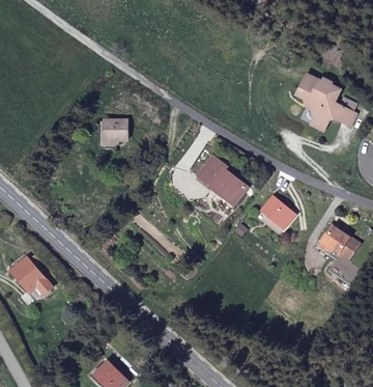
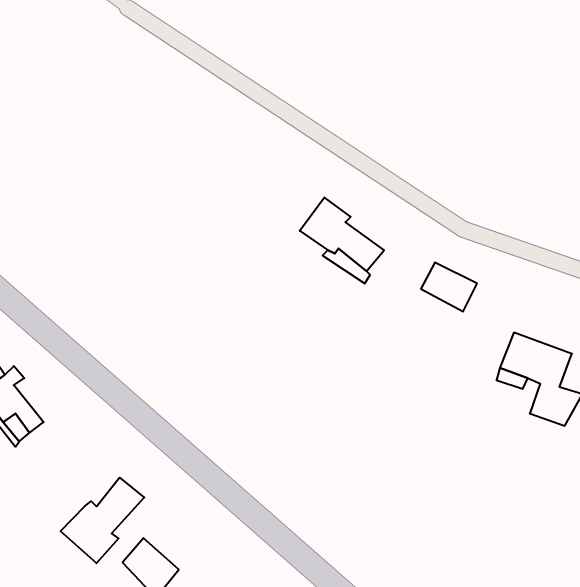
building: [298,74,357,129] -> none
building: [105,122,127,142] -> none
building: none -> [61,478,144,563]

